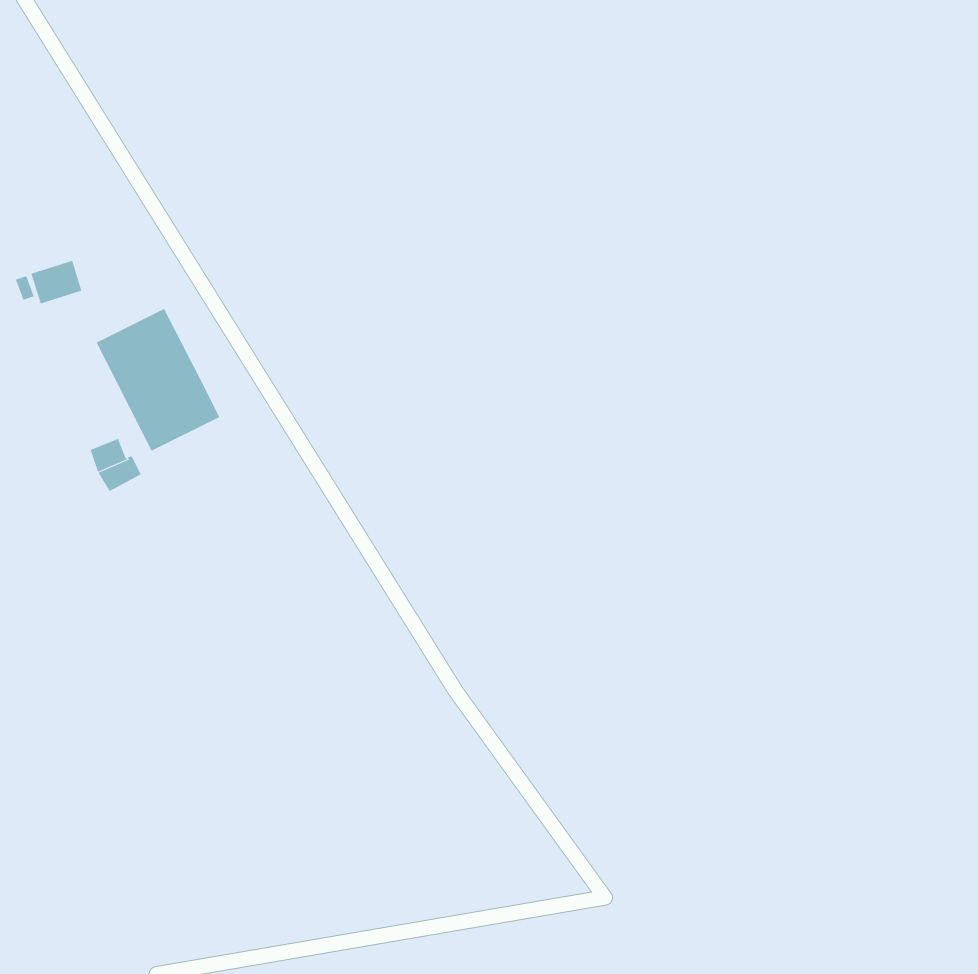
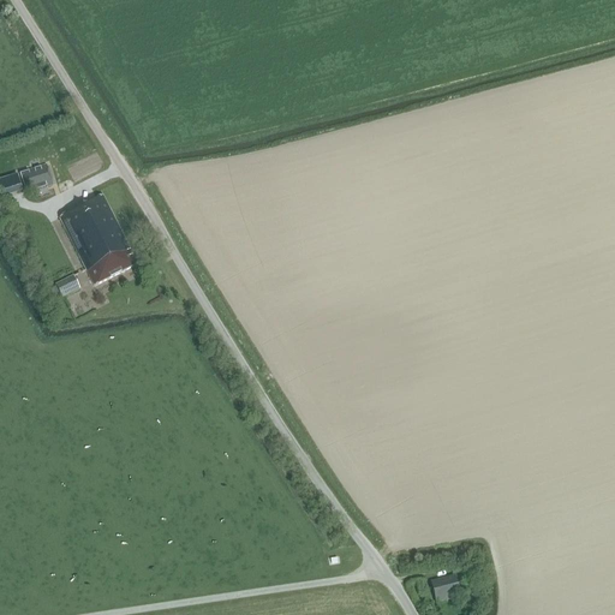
building: none -> [431,574,465,601]

